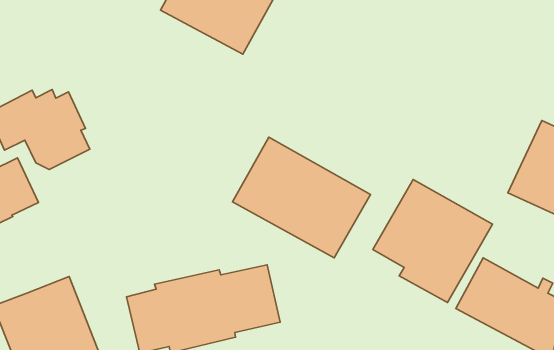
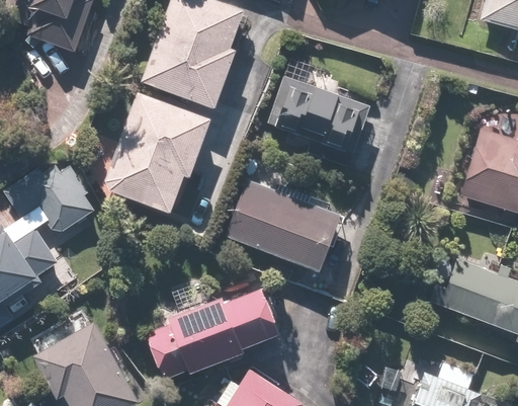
building: none -> [102,92,211,215]
building: none -> [265,75,370,168]
building: [373,180,492,303] -> none

